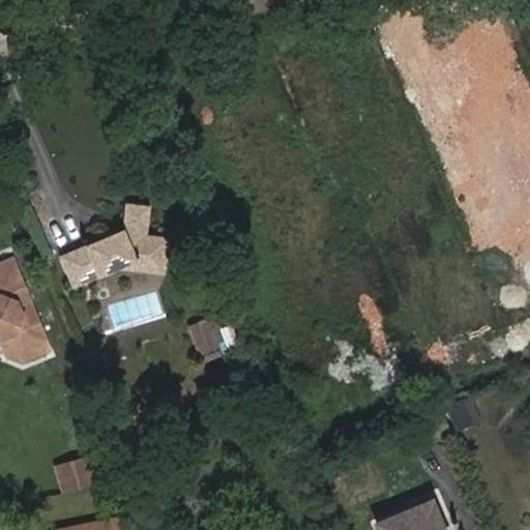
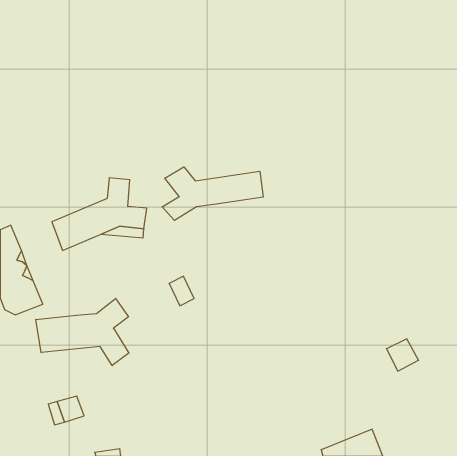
building: none -> [162,167,263,220]
building: none -> [36,298,129,366]

